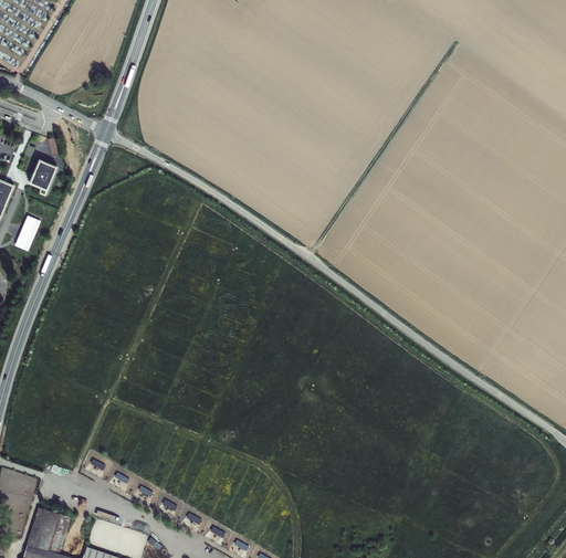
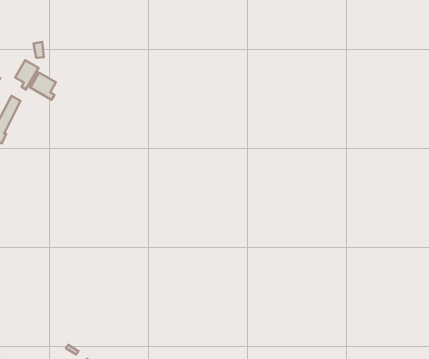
building: none -> [30,72,56,100]

